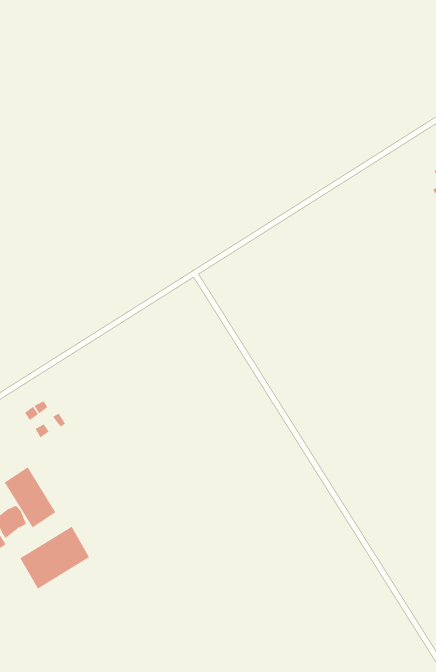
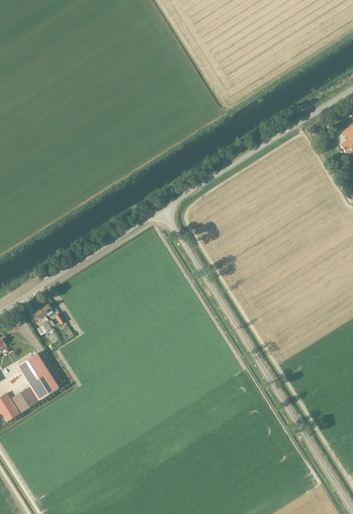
building: [20,526,90,590] -> none

